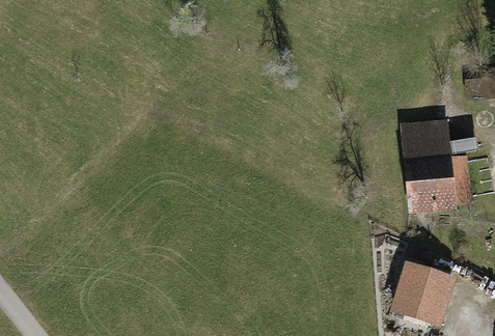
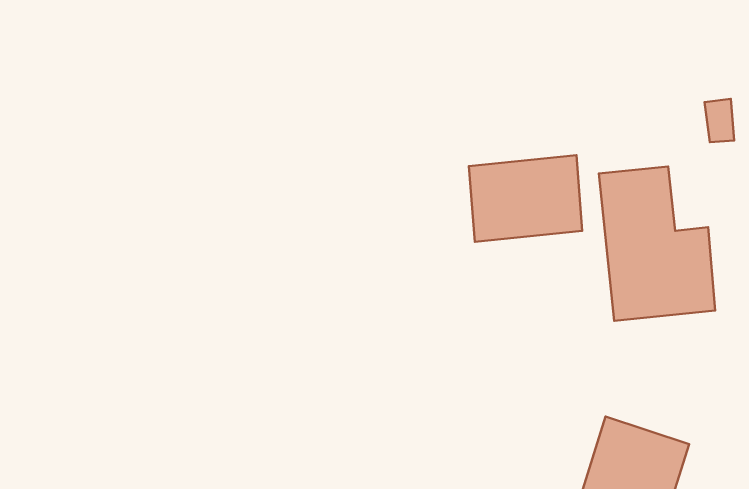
building: none -> [469,155,582,242]

